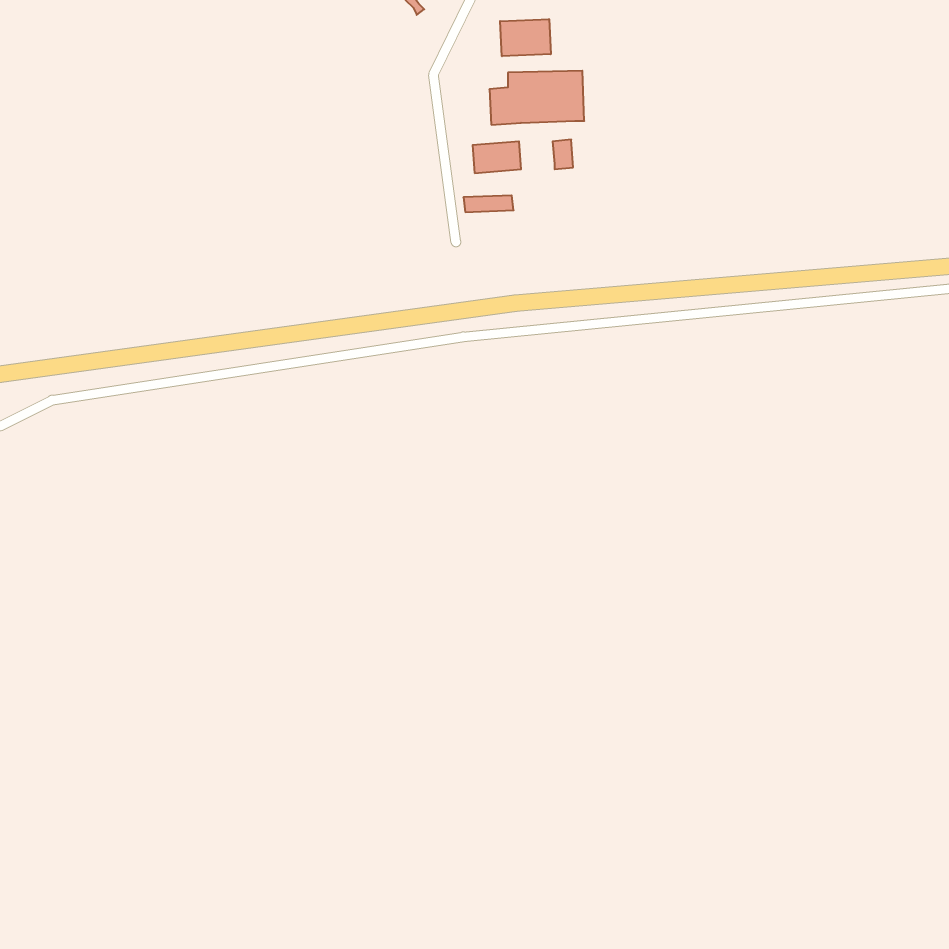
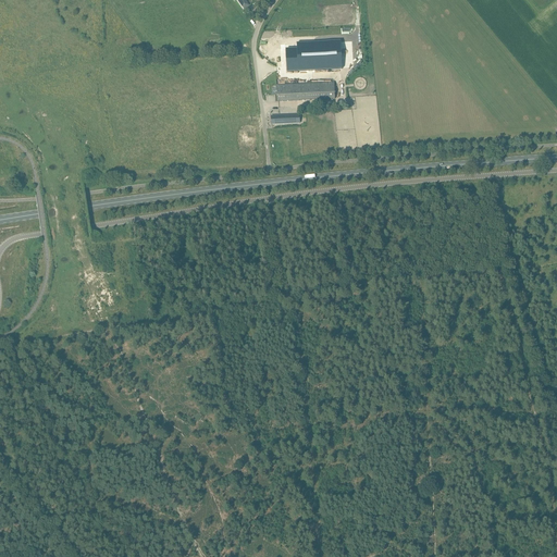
building: [500,19,551,56] -> none

